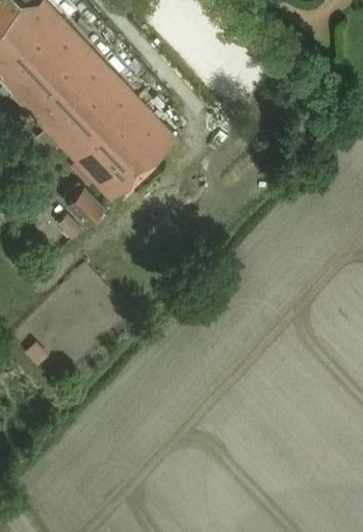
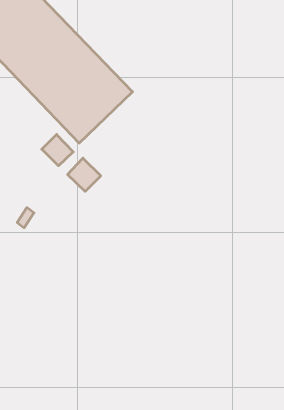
building: none -> [68,158,101,191]

